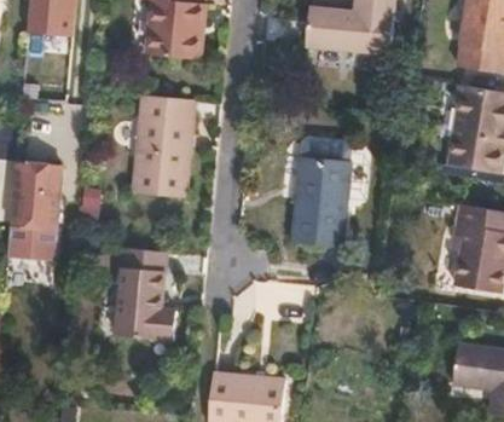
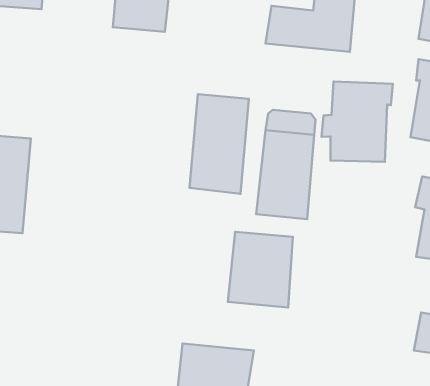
building: [133,96,193,197] -> [190,94,249,194]
building: none -> [322,81,393,162]
building: [115,249,178,343] -> none
building: none -> [228,232,293,308]

